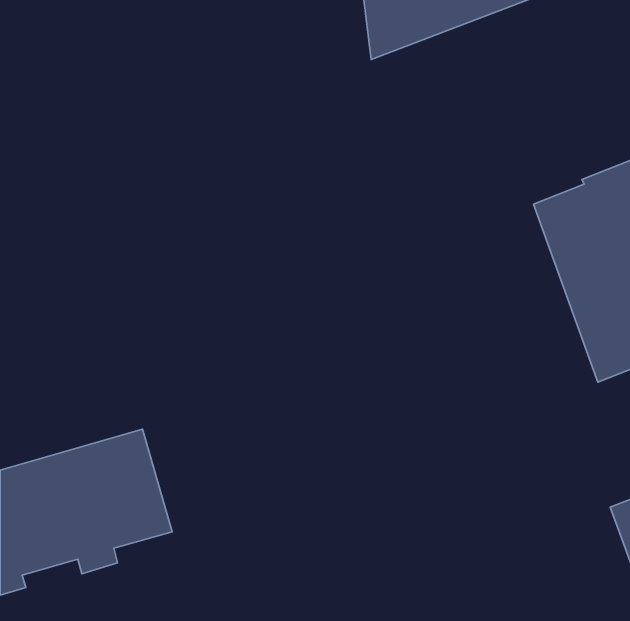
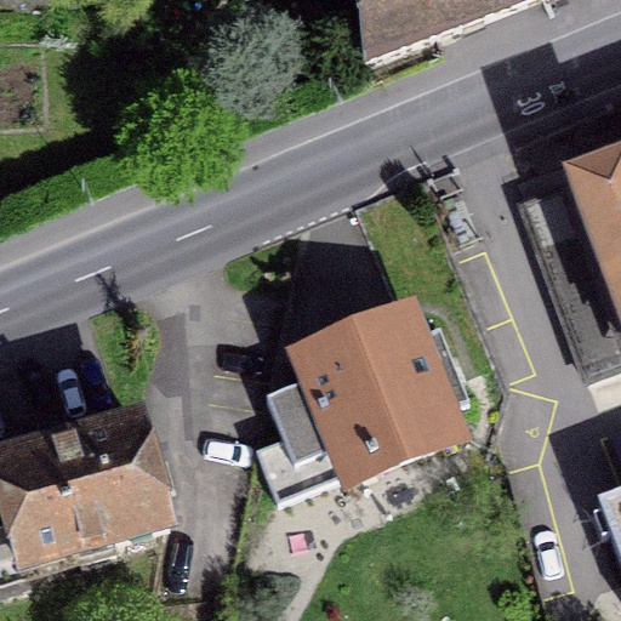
building: none -> [258,314,471,498]

